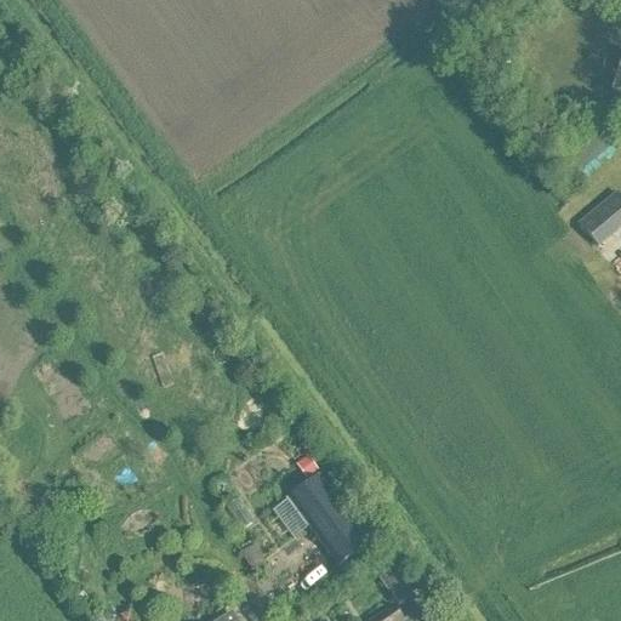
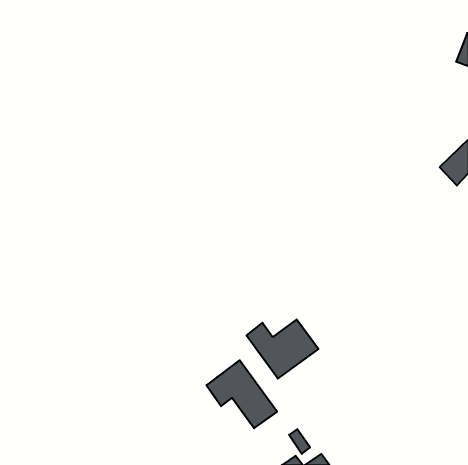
building: none -> [247,319,318,379]

